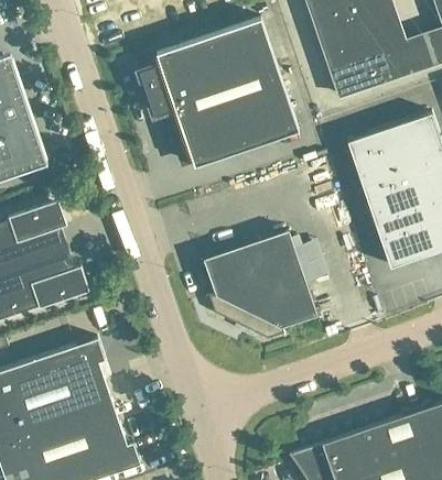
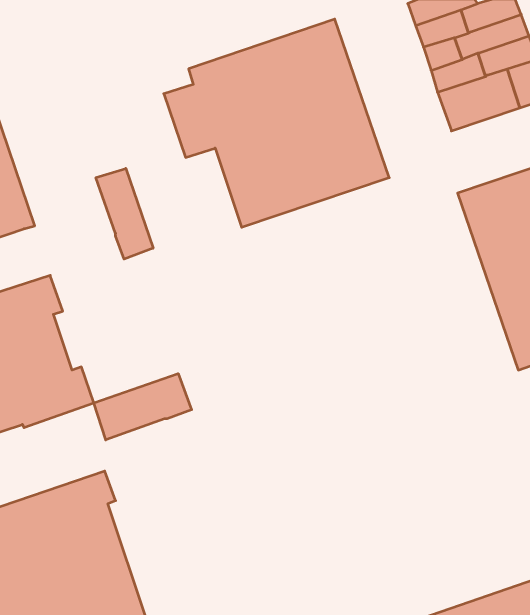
building: none -> [96,168,153,259]
building: [203,230,317,340] -> none
building: none -> [94,374,192,440]

